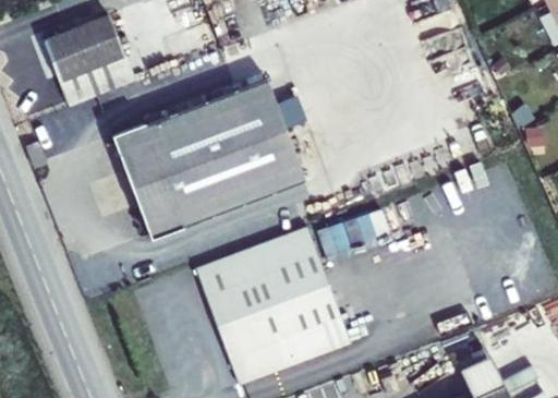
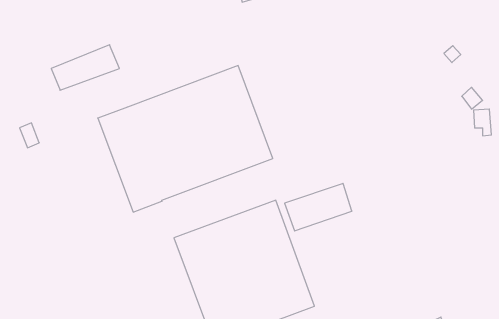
building: [44,15,124,82] -> none

